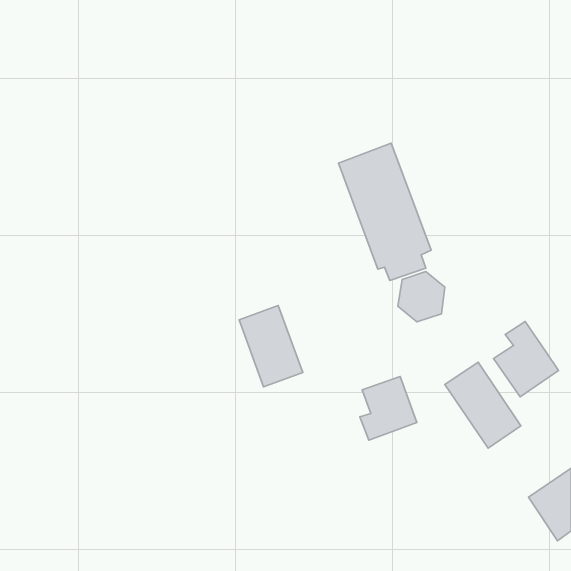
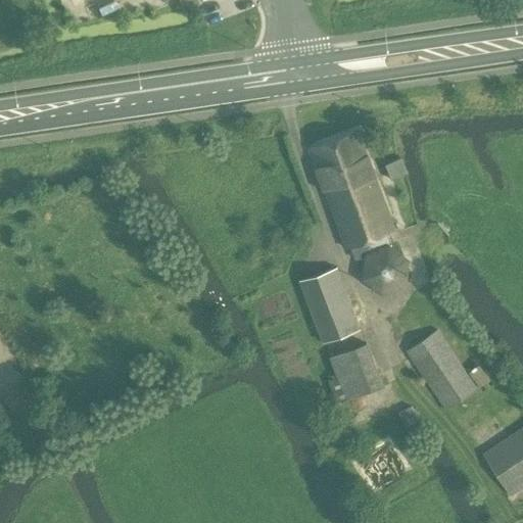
building: [239,305,303,387] -> [300,268,359,342]
building: [493,321,559,397] -> none

